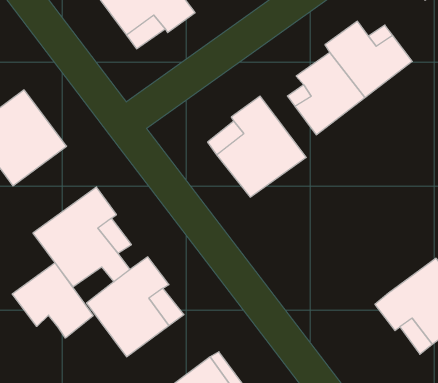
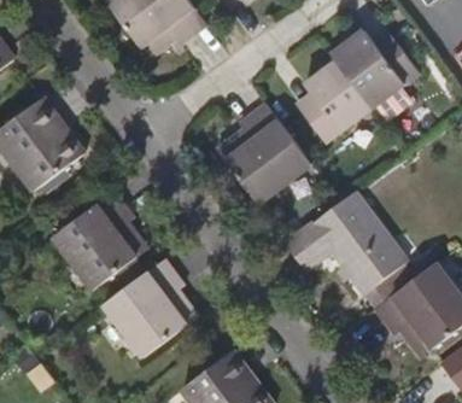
building: none -> [292,189,409,305]
building: [12,263,93,338] -> none

